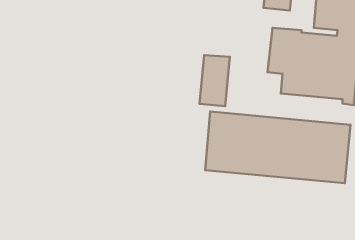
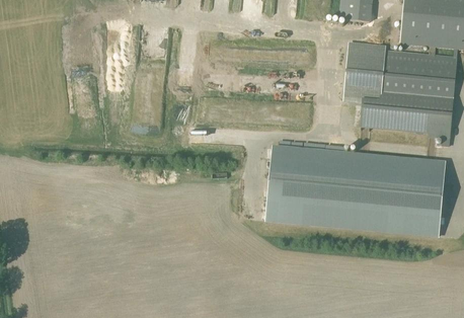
building: [200,55,230,106] -> none

